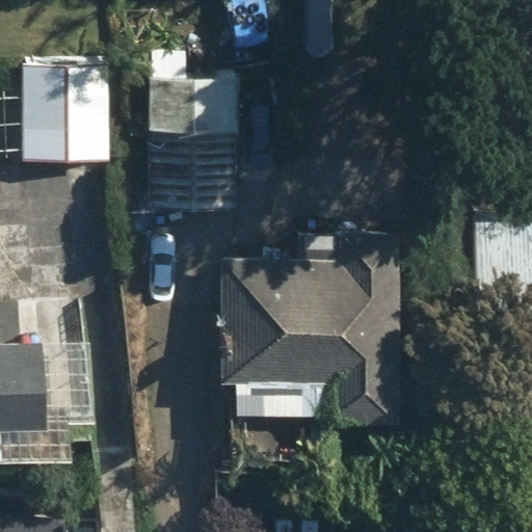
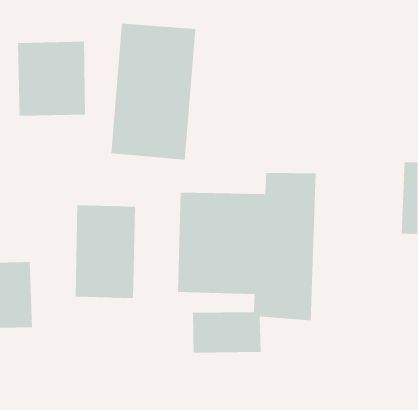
building: none -> [75,205,136,299]

